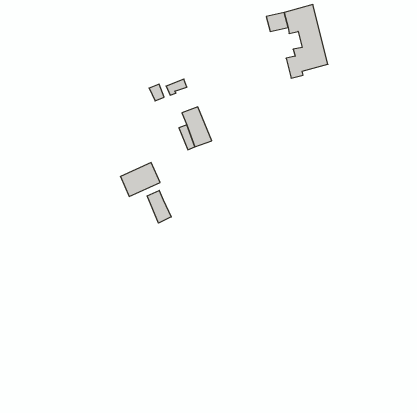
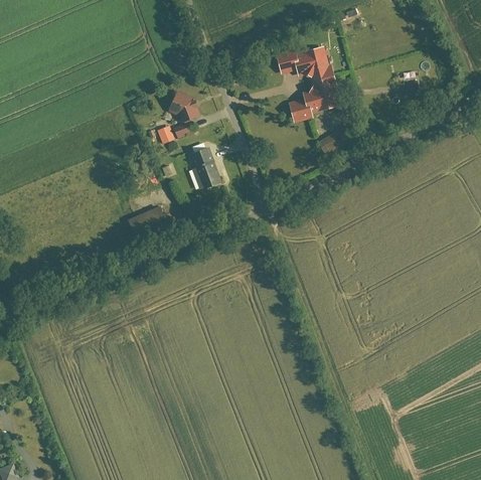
building: none -> [168,90,199,121]
building: [147,190,171,223] -> none

